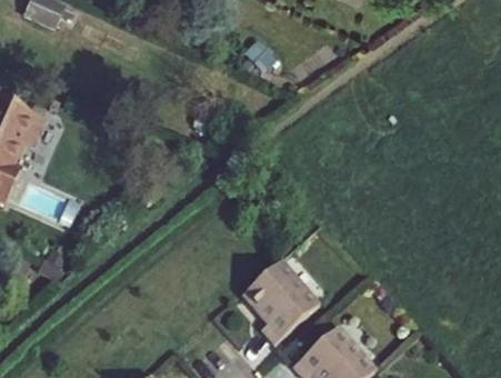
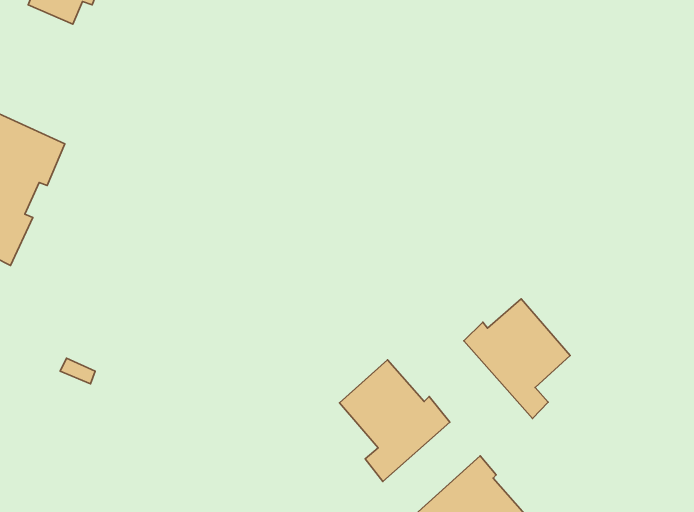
building: none -> [464,299,570,419]

